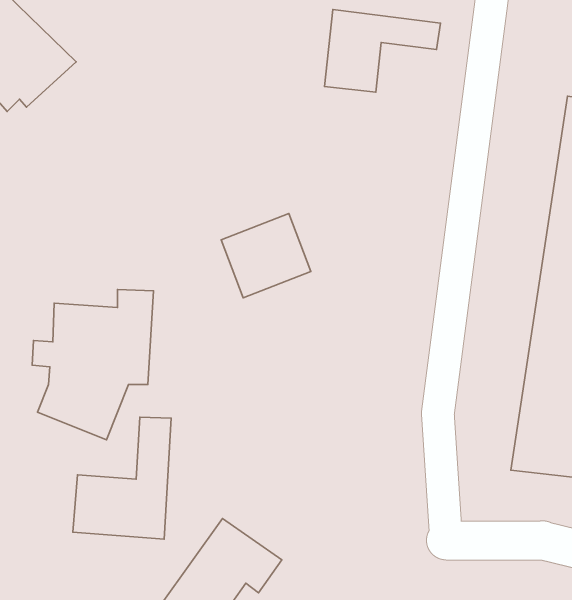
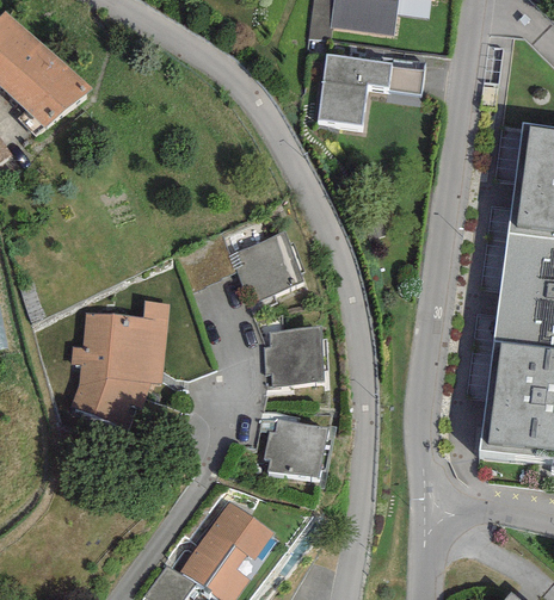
building: none -> [261,329,326,388]
building: [73,417,171,539] -> none
building: none -> [260,416,333,480]

